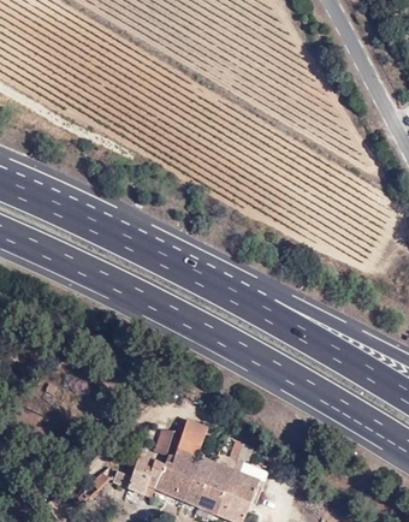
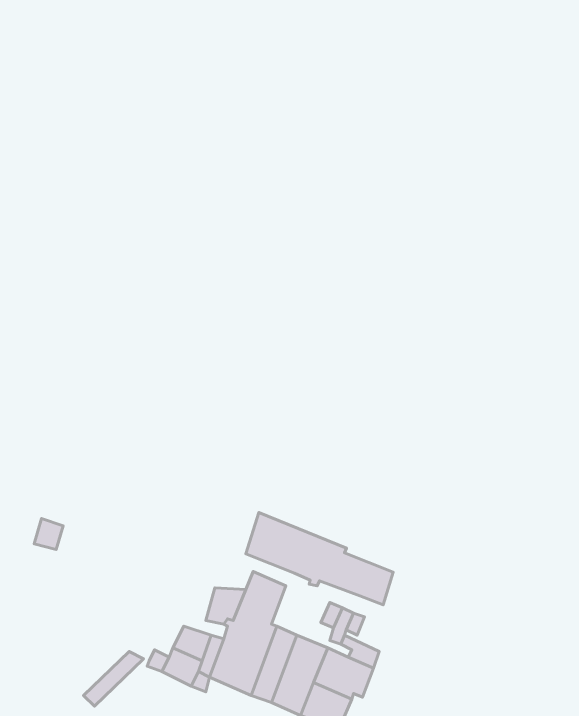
building: none -> [246,512,393,605]

